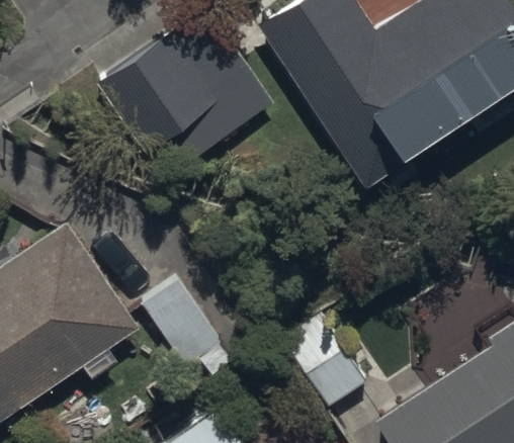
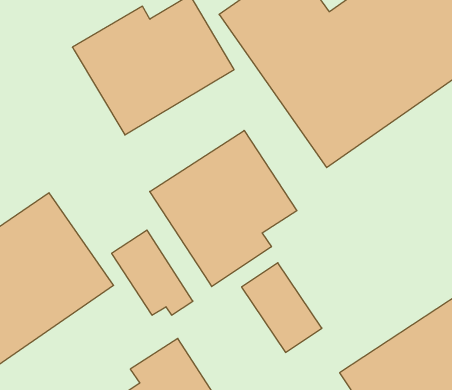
building: none -> [150,130,297,287]

